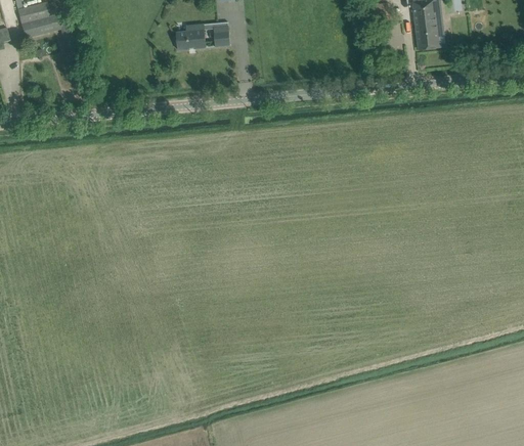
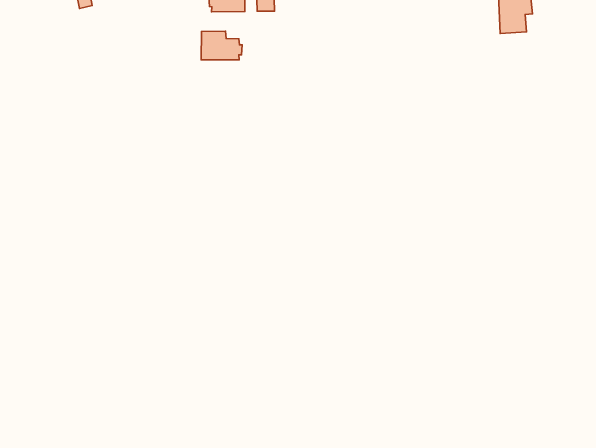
building: none -> [201,31,242,60]

